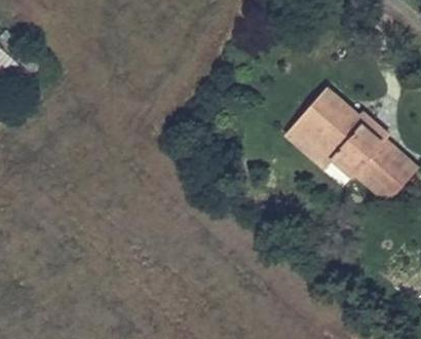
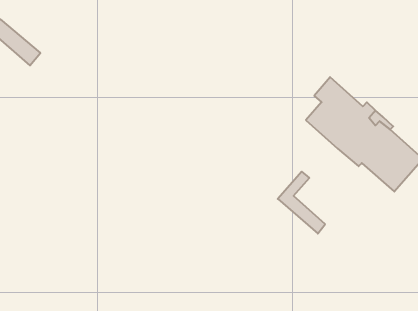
building: [288,109,334,170] -> [278,172,325,234]

